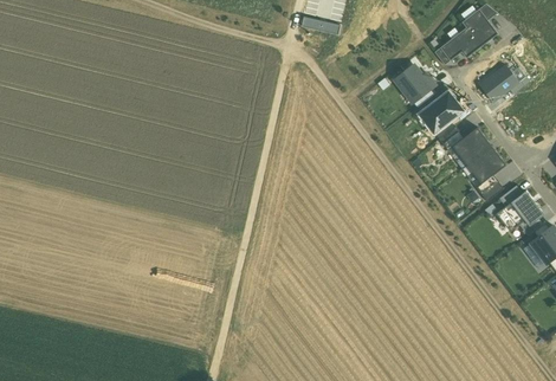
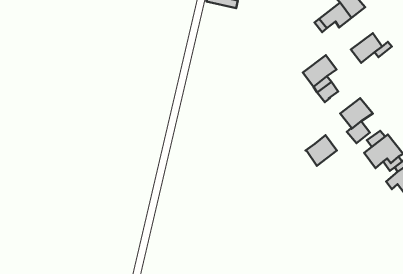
building: [394,65,434,102] -> none
building: [452,127,491,164] -> [305,135,337,166]

